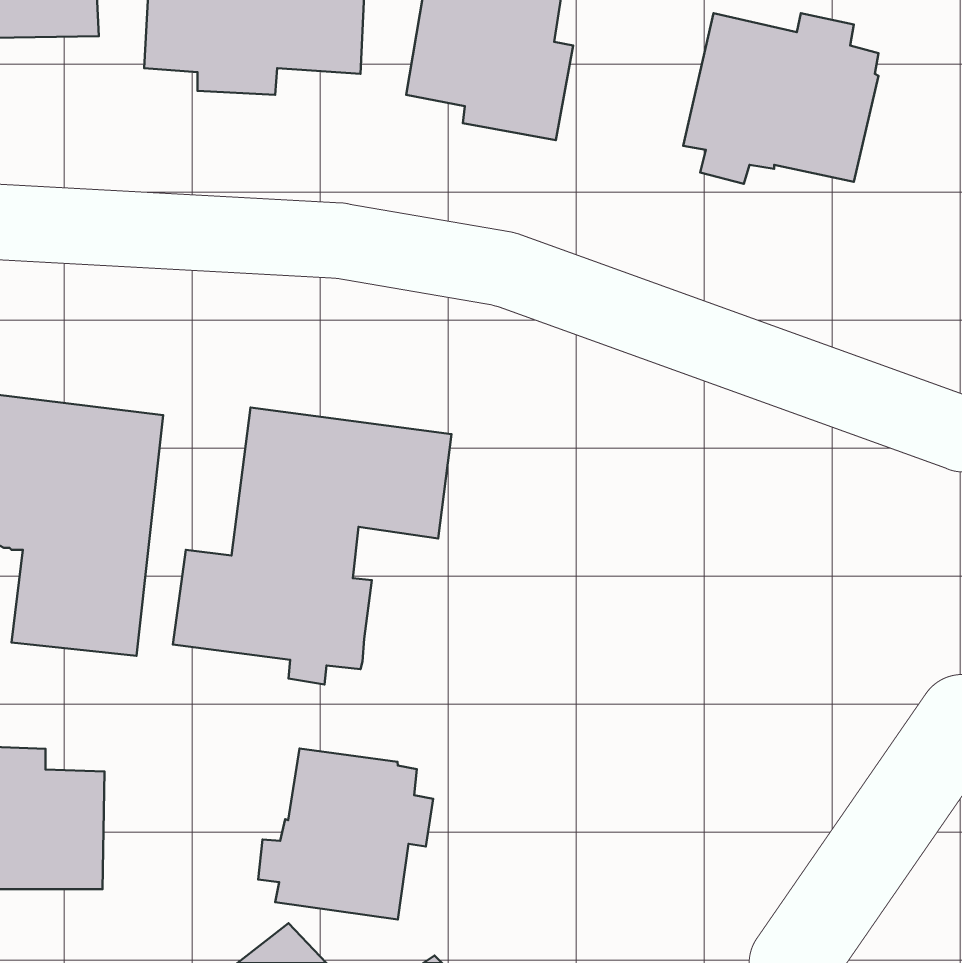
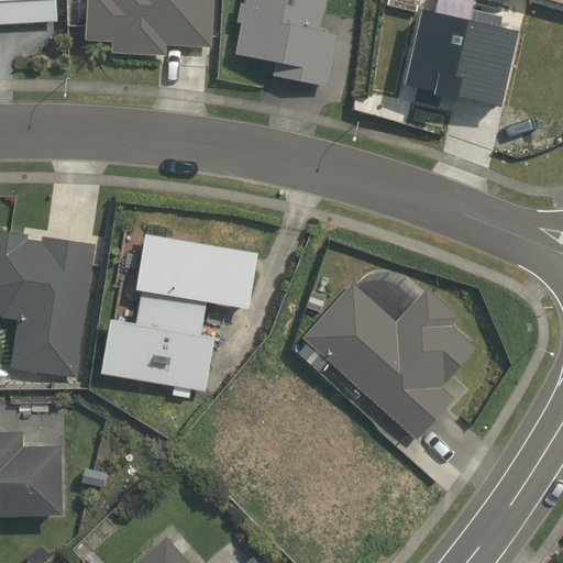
building: none -> [302,280,477,439]
building: [258,748,433,919] -> none

